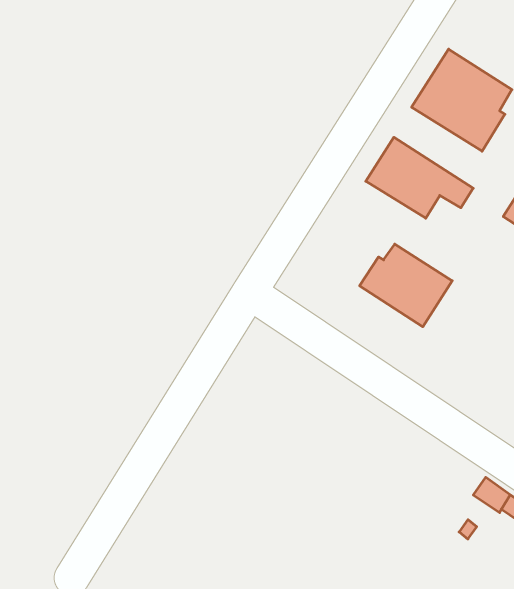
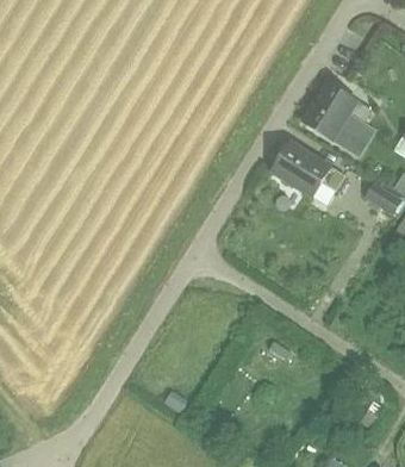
building: [360,244,452,327] -> none

